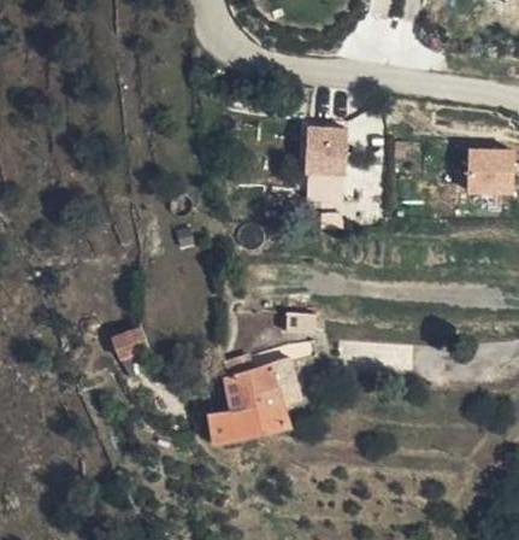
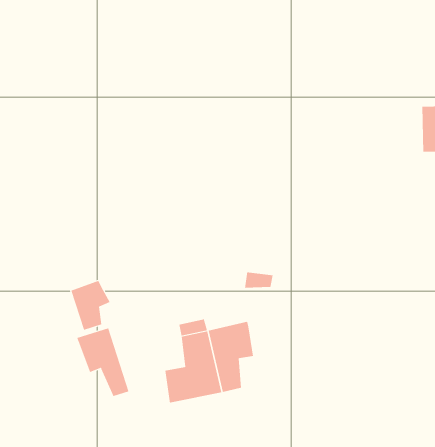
building: [306,121,347,200] -> none
building: none -> [77,328,129,397]

